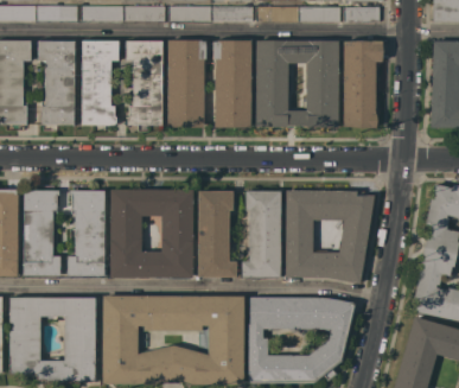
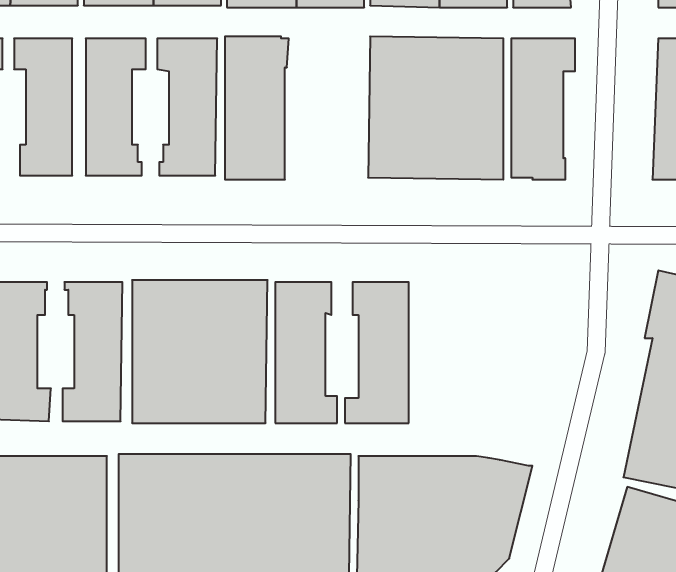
building: [213,39,251,127] -> none
building: [285,190,374,284] -> none

